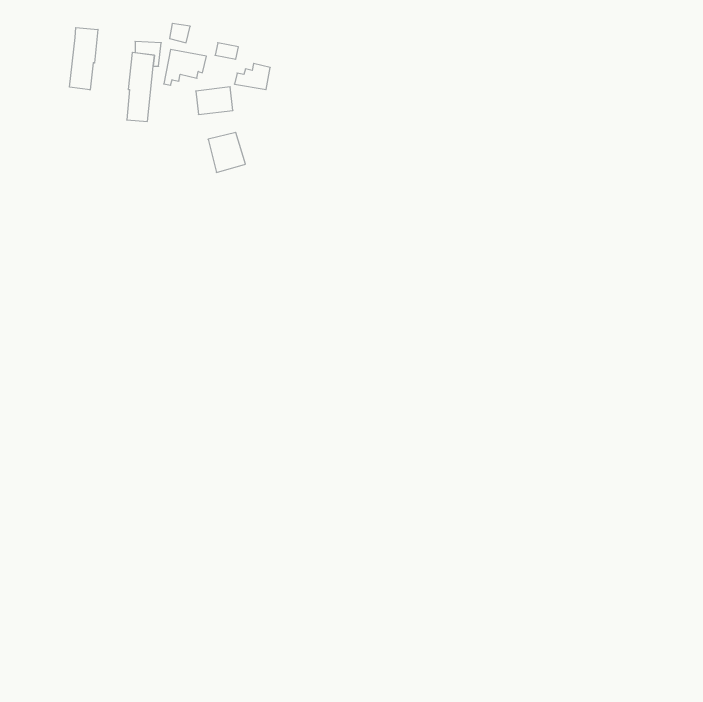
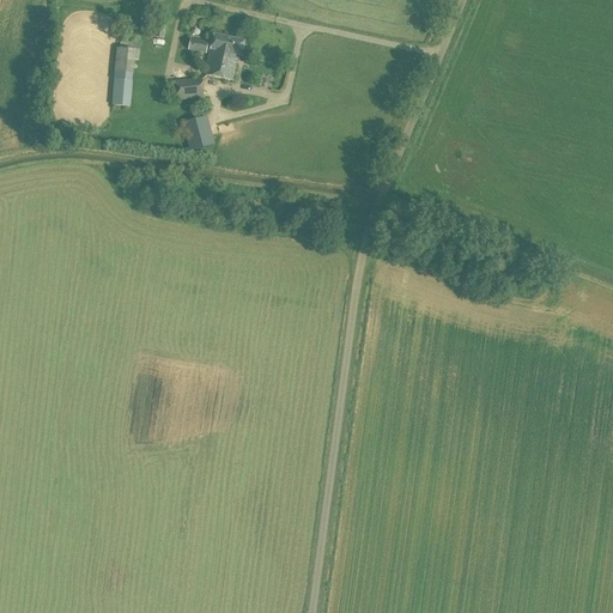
building: [70,28,98,90] -> none
building: [164,49,206,85] -> [206,34,243,65]

